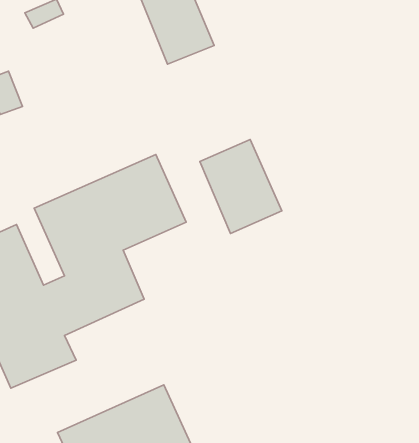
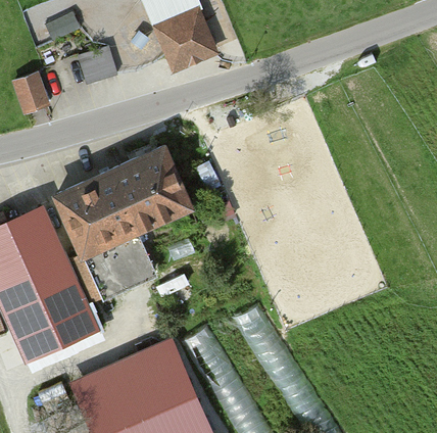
building: none -> [78,48,115,84]
building: [200,140,282,234] -> none

